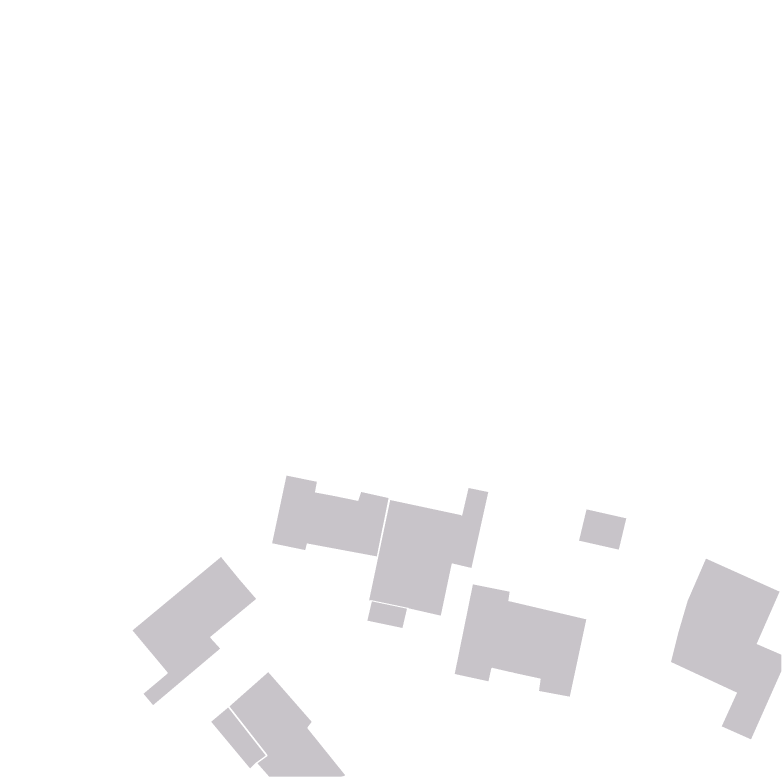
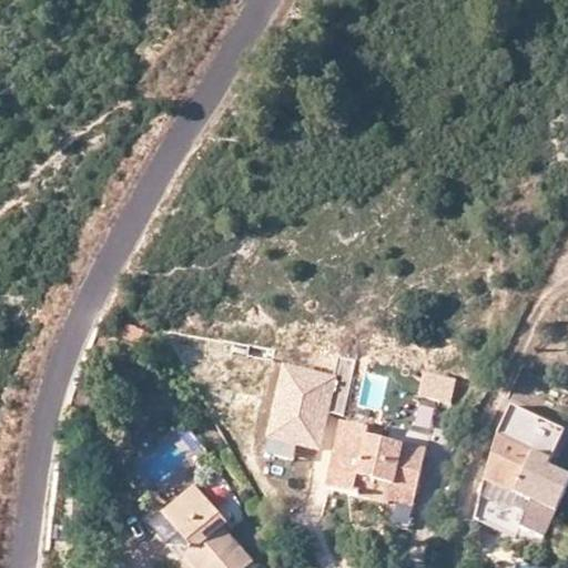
building: [272,475,389,557] -> none
building: [132,555,257,706] -> none
building: none -> [477,479,532,527]

